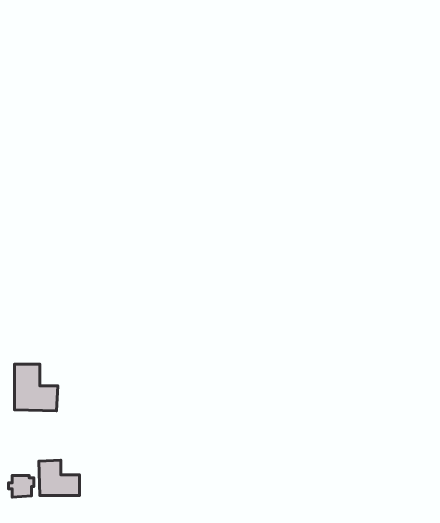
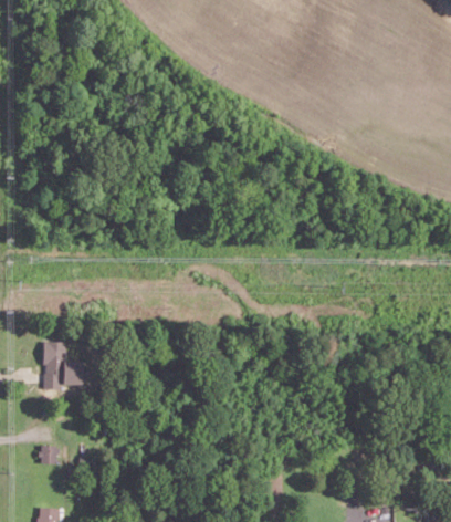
building: [39,460,80,496] -> none

